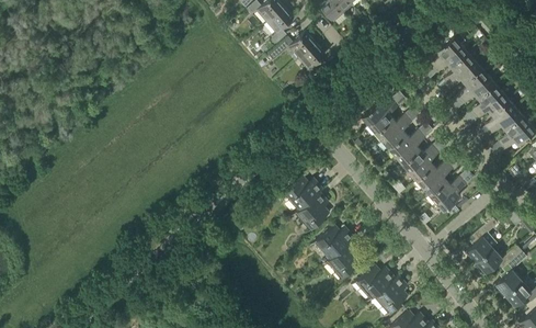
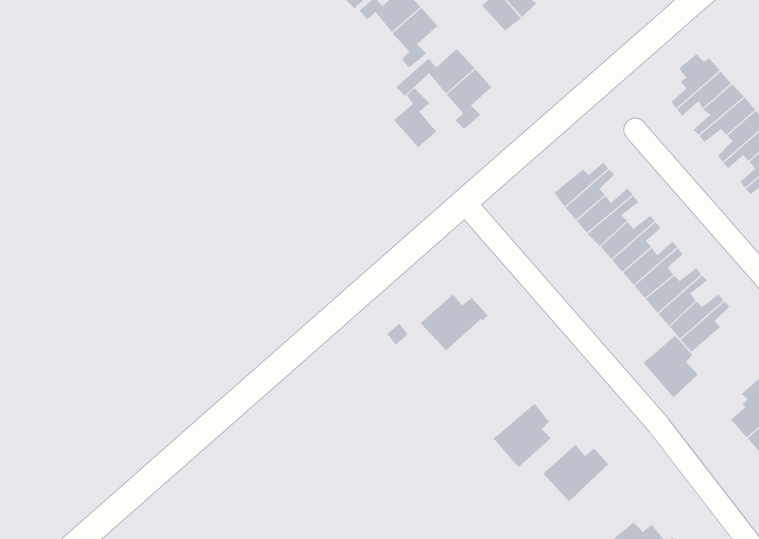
building: none -> [393,87,437,148]
building: [295,190,329,228] -> none
building: none -> [643,335,699,398]
building: [315,224,354,258] -> none
building: [374,273,408,312] -> none

